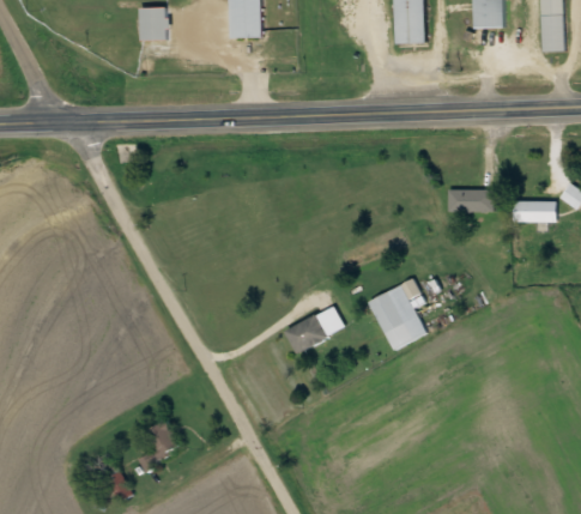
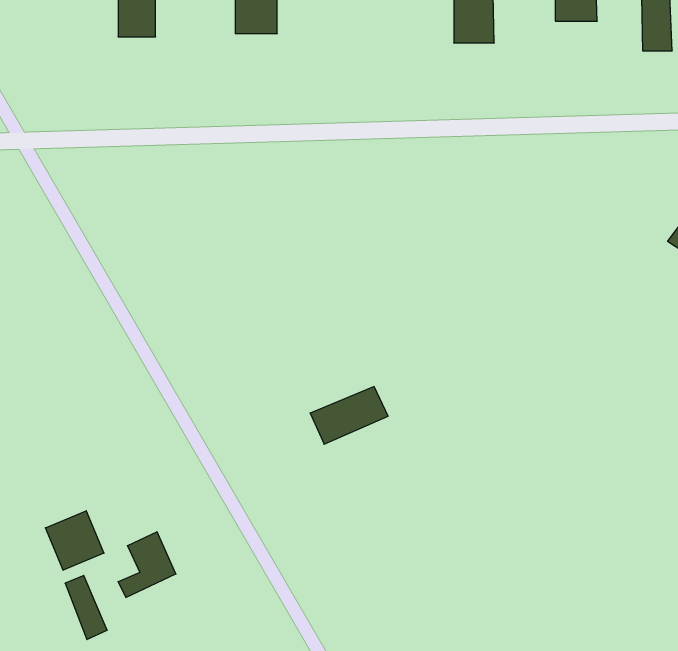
building: [447,188,494,213] -> none
building: [516,201,555,220] -> none
building: [367,279,425,350] -> none
building: none -> [45,511,104,570]

